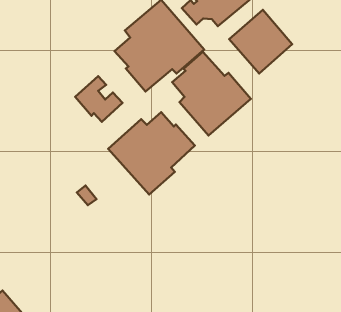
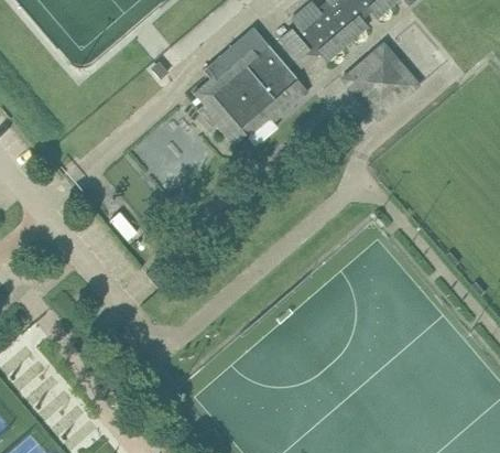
building: [172,52,251,135] -> none
building: [108,112,195,194] -> none

